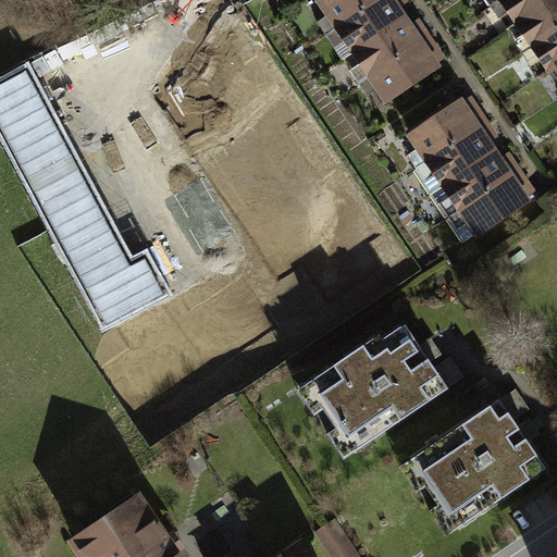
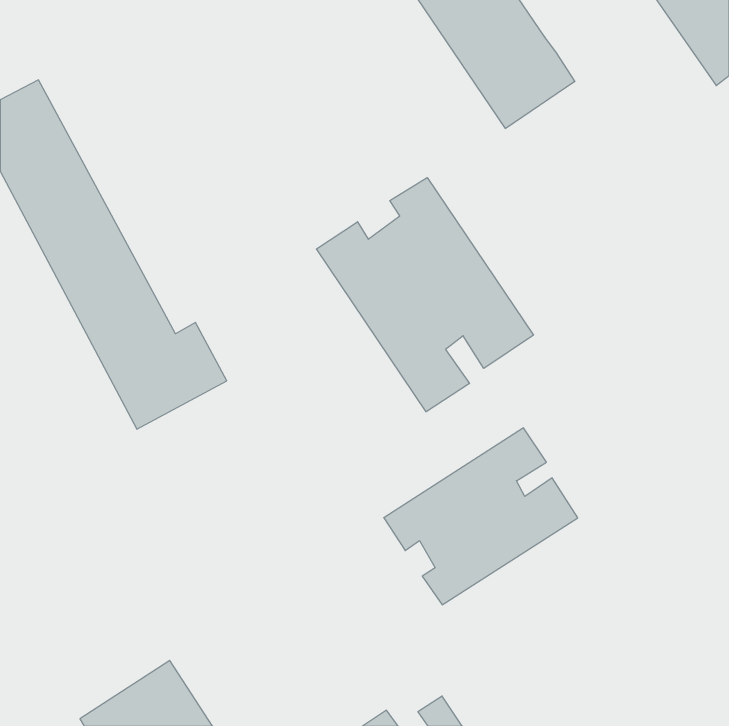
building: [407,94,528,231] -> none
building: none -> [316,178,533,412]
building: [406,405,540,531] -> none

